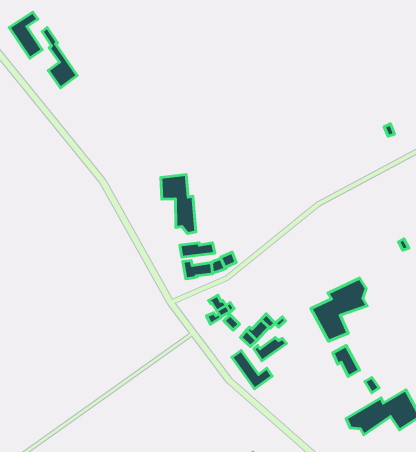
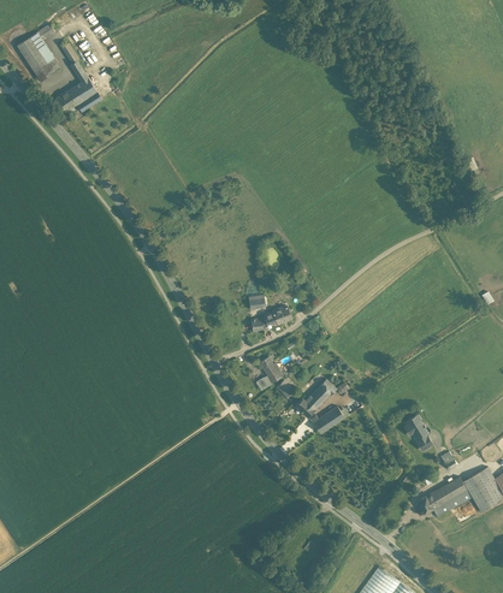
building: [161,174,196,233] -> none
building: [311,278,367,341] -> none
building: [232,350,272,389] -> none

